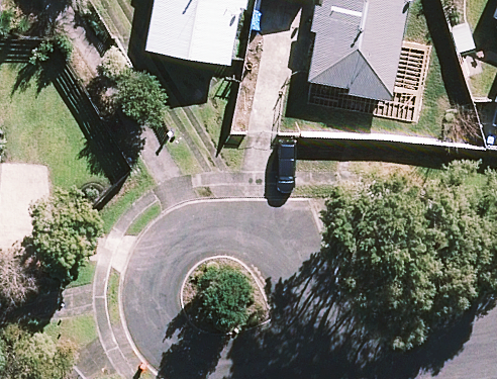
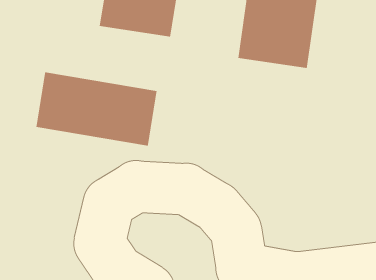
building: none -> [36,72,157,146]

